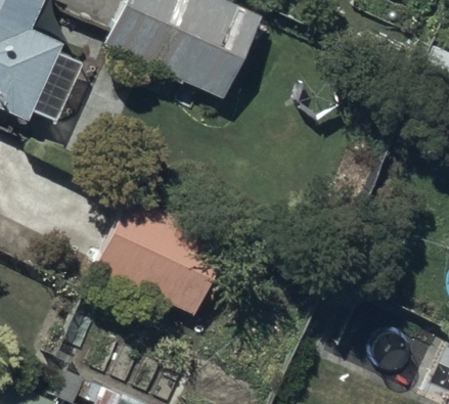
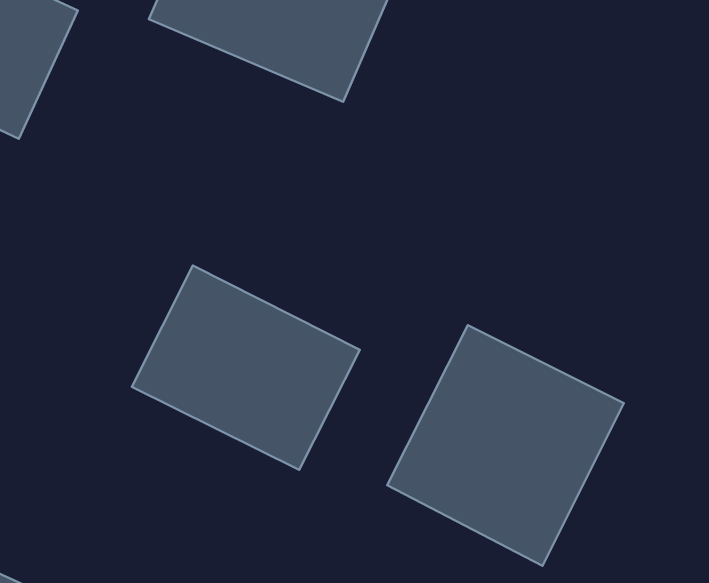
building: none -> [387,325,624,566]

